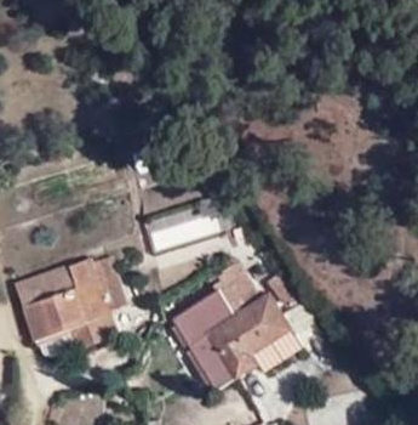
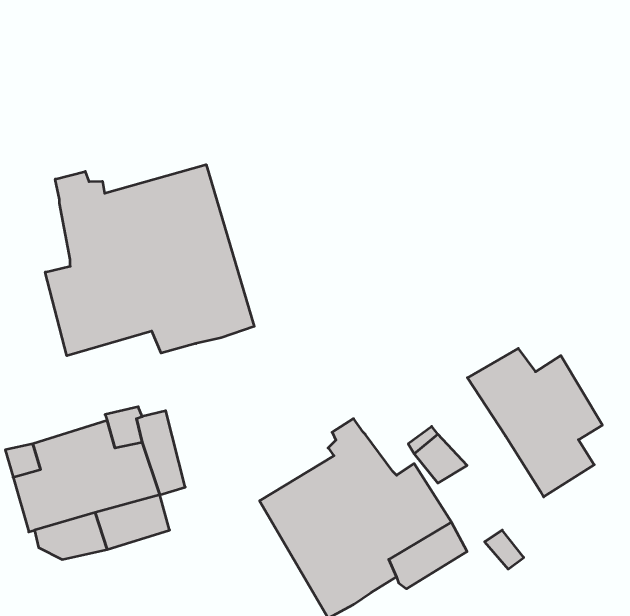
building: none -> [45,165,254,356]
building: none -> [467,348,602,497]

